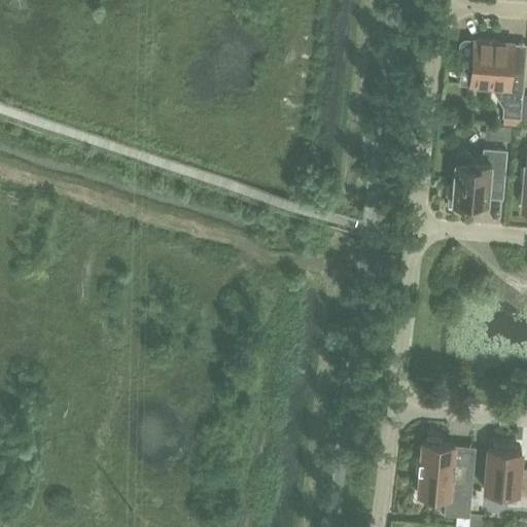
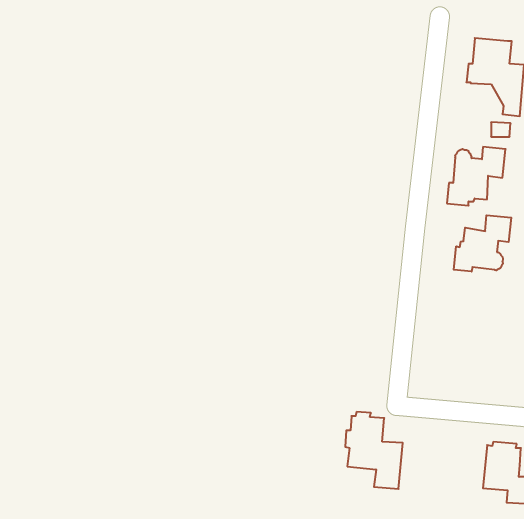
building: none -> [454,215,511,272]
building: [417,443,475,520] -> [345,412,403,489]

